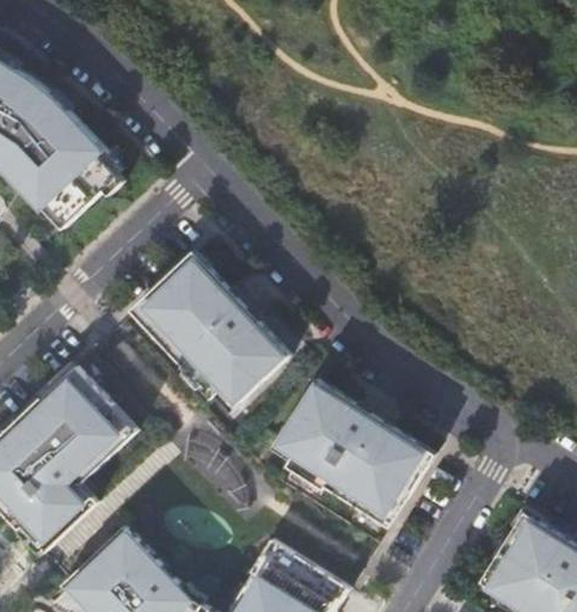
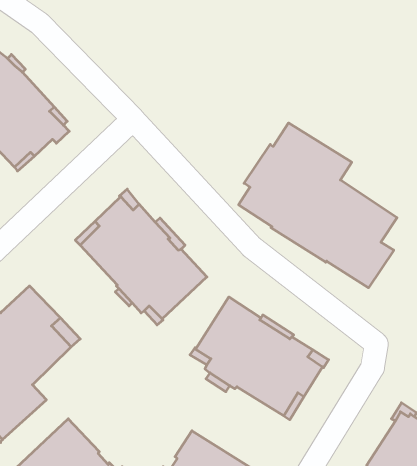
building: none -> [239,123,397,288]

